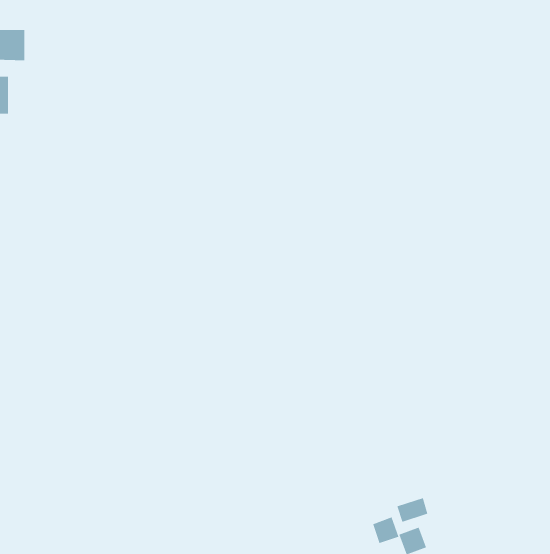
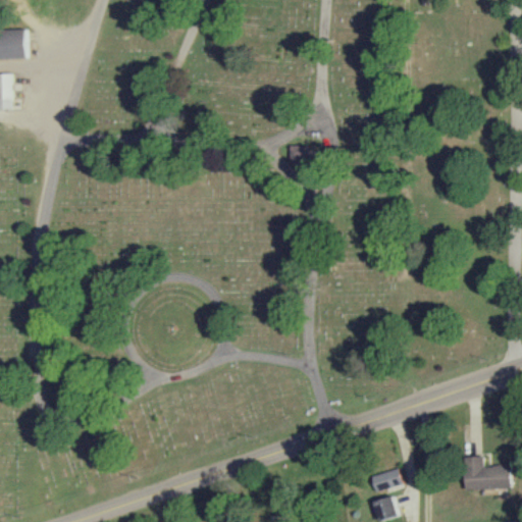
building: none -> [465,467,511,489]
building: [372,517,399,544] -> none

